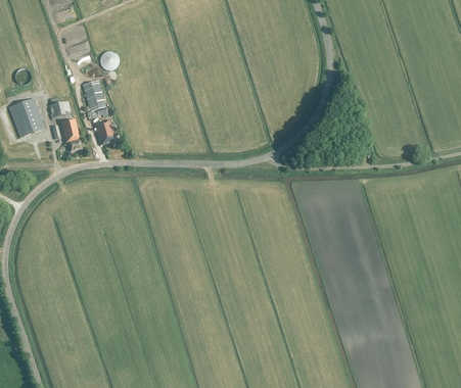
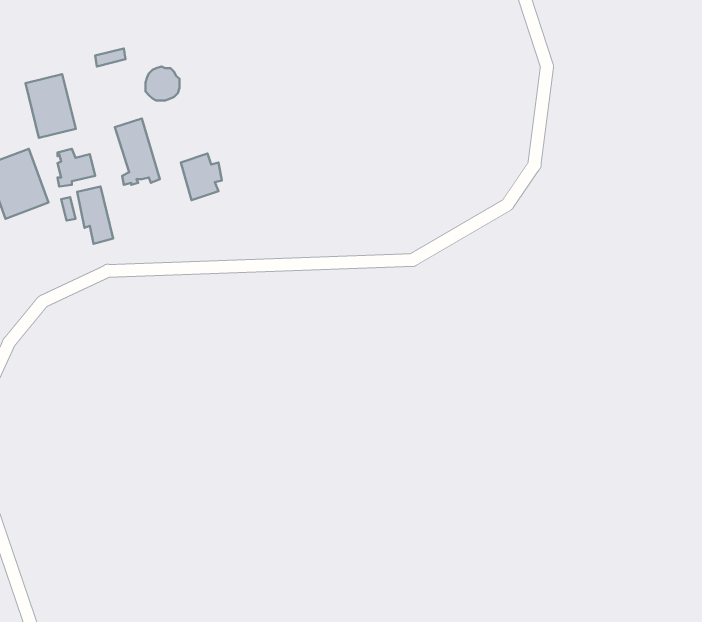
building: none -> [25,74,76,138]
building: [93,118,117,145] -> [181,154,222,200]

